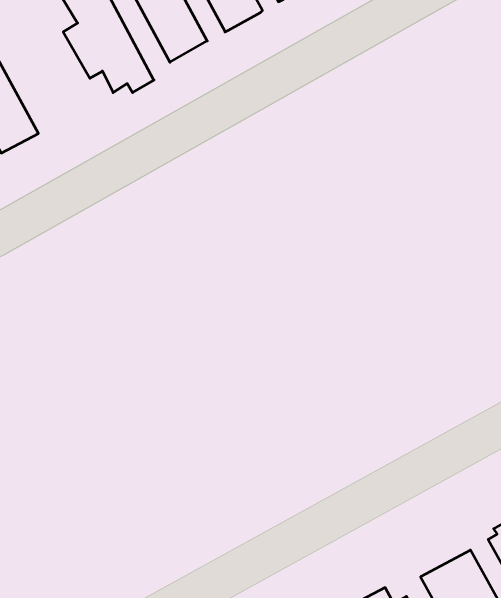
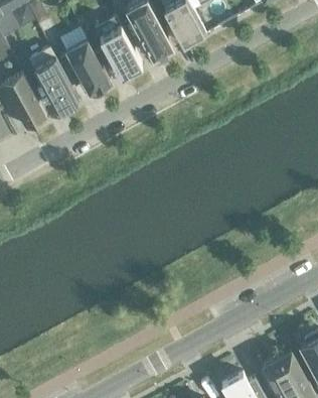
building: none -> [28,47,77,110]

